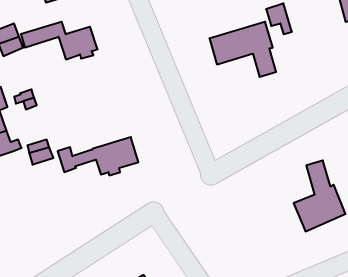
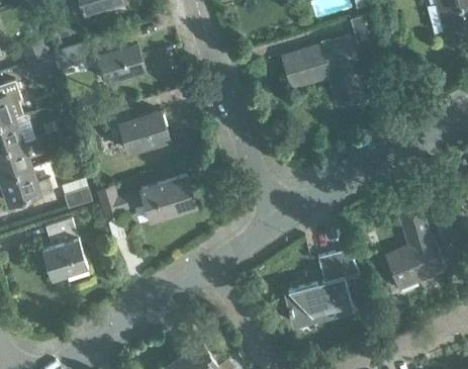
building: none -> [101,107,169,152]
building: none -> [40,218,87,279]
building: none -> [286,249,360,322]

